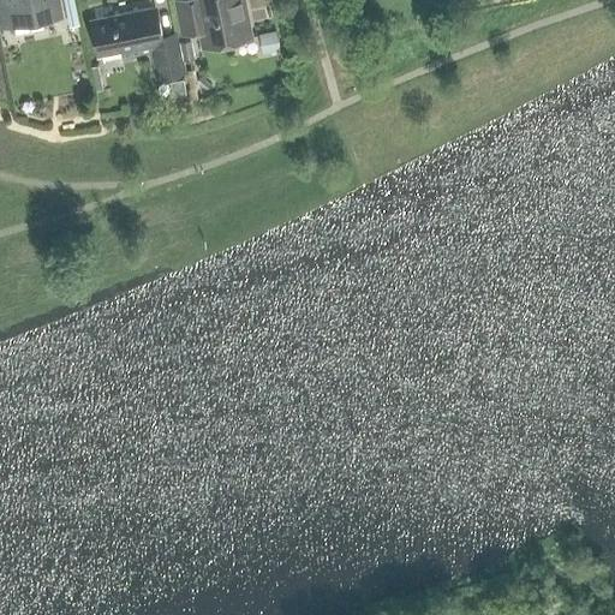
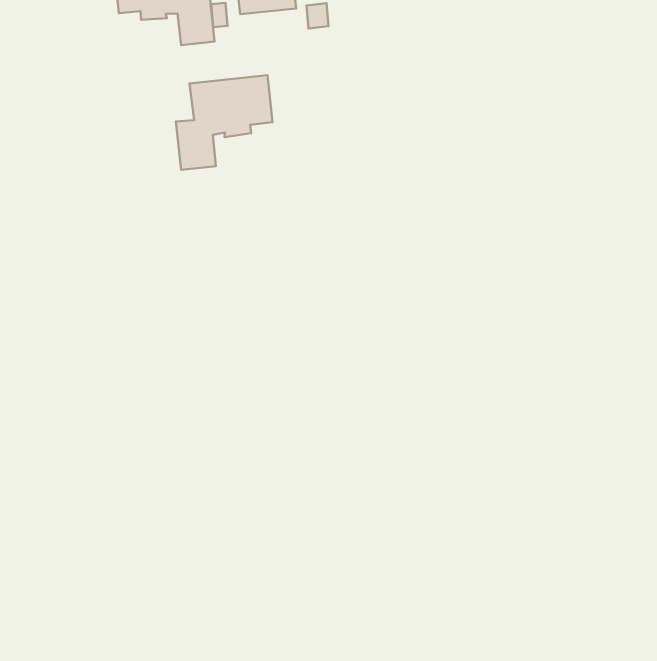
building: none -> [176,75,273,170]

